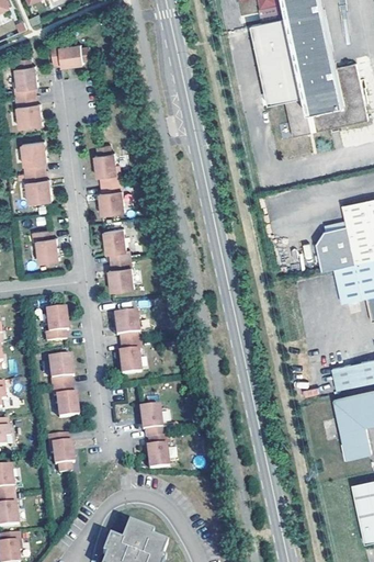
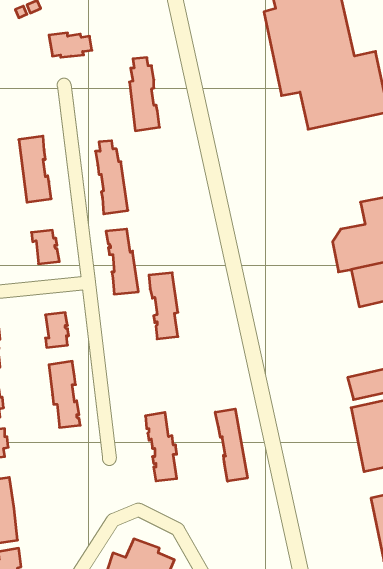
building: [12,60,41,130] -> [129,58,160,131]
building: [113,312,140,374] -> [149,273,178,339]
building: none -> [215,409,247,481]
building: [48,434,75,473] -> none

